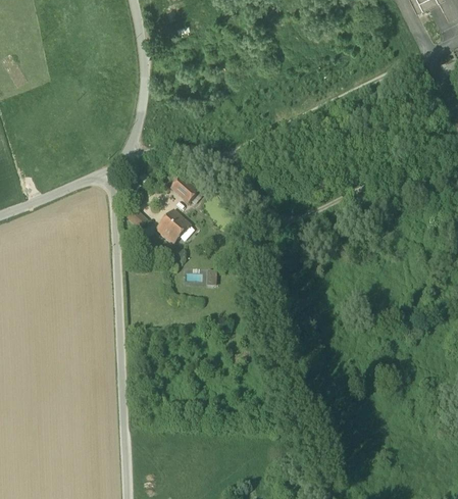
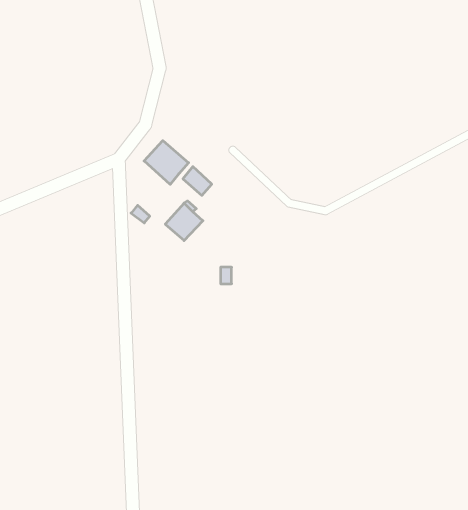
building: none -> [144,141,189,184]

